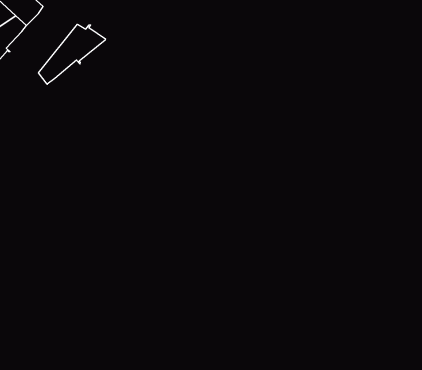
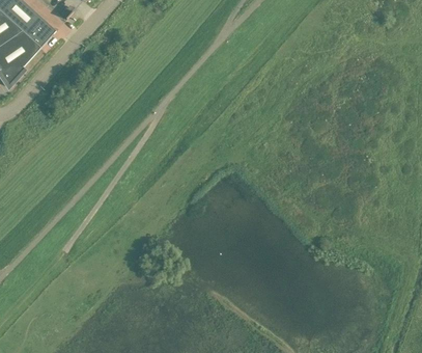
building: [39,24,105,84] -> none

